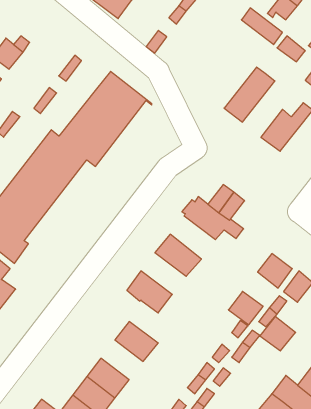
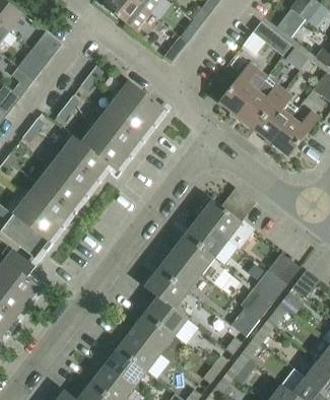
building: none -> [219,62,267,115]
building: none -> [254,89,299,142]
building: none -> [186,216,228,257]
building: none -> [158,251,201,290]
building: none -> [147,295,188,336]
building: [260,316,296,351] -> [254,269,287,302]
building: none -> [121,333,160,371]

